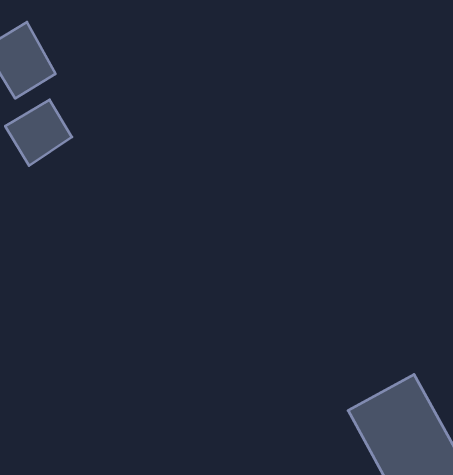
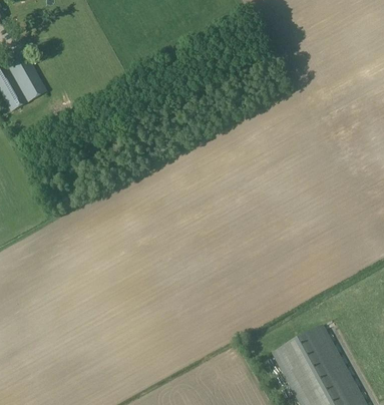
building: [5,100,72,166] -> none

